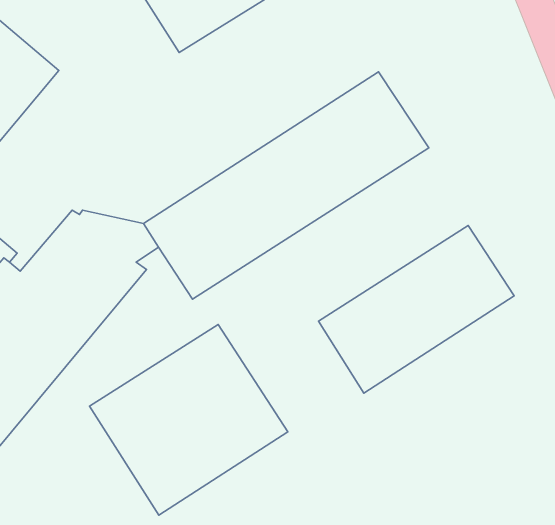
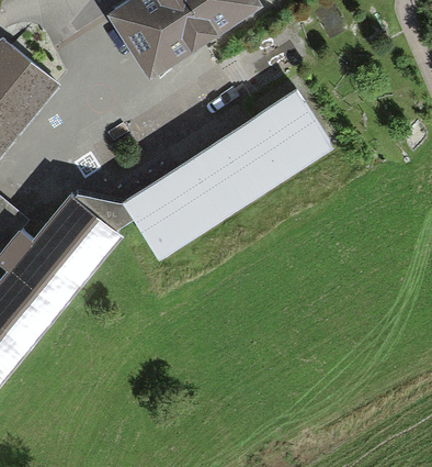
building: [319,225,514,393] -> none
building: [89,324,288,515] -> none

